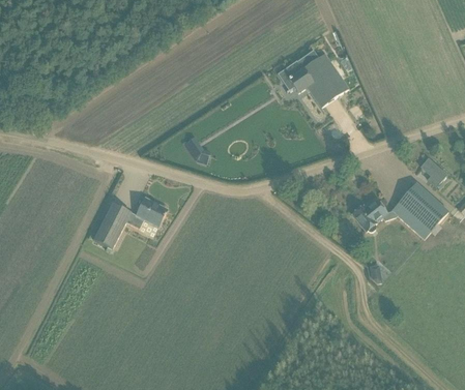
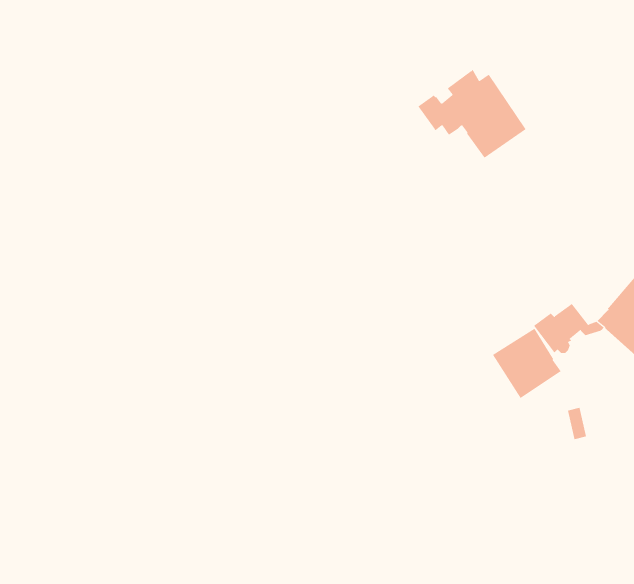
building: [94,197,167,248] -> none
building: none -> [492,328,562,399]

